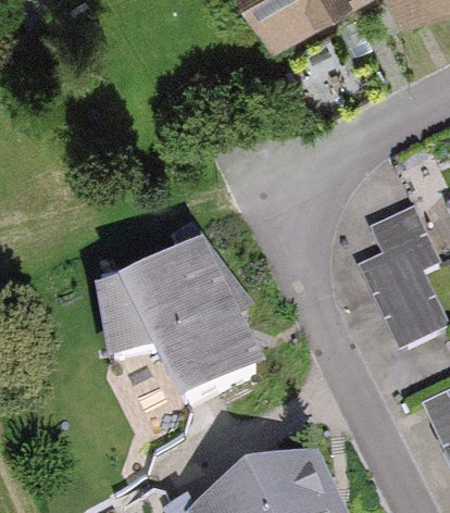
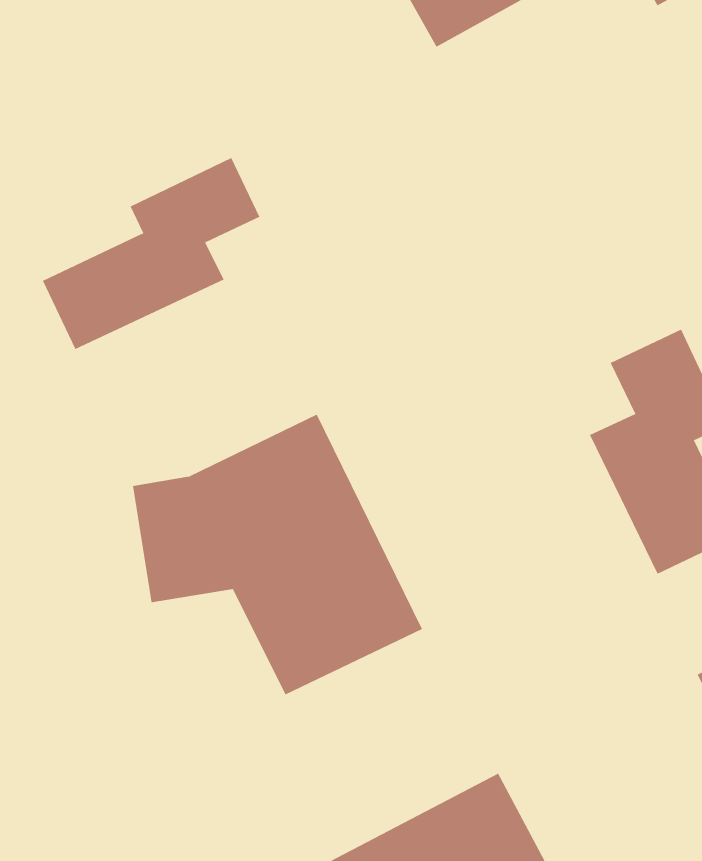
building: none -> [42,157,260,350]

